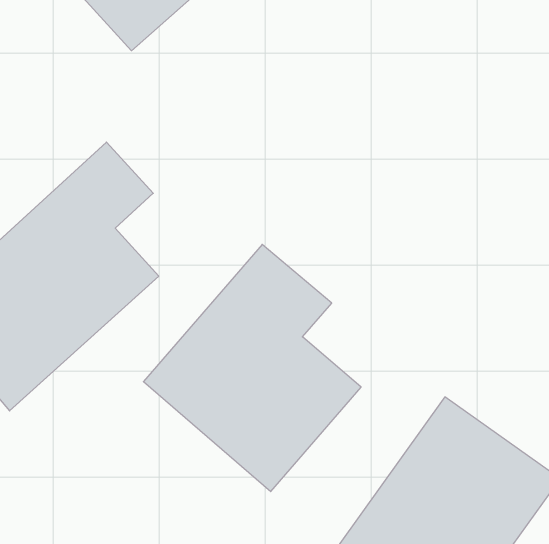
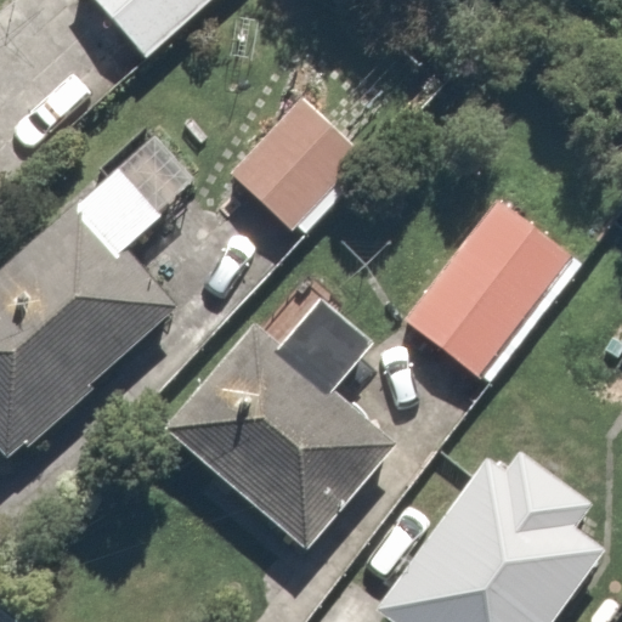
building: none -> [222,92,371,241]
building: none -> [396,185,589,390]

